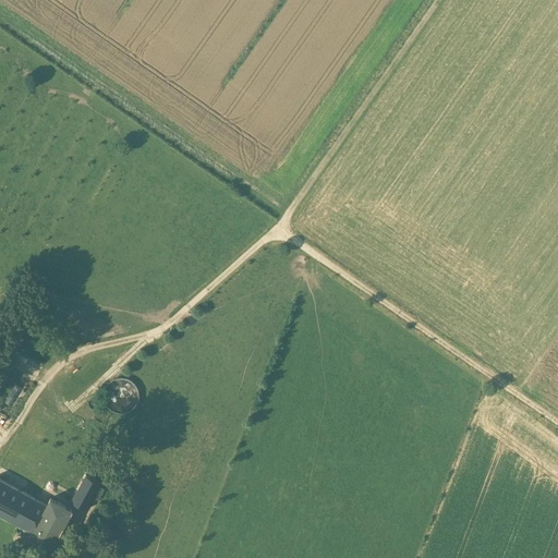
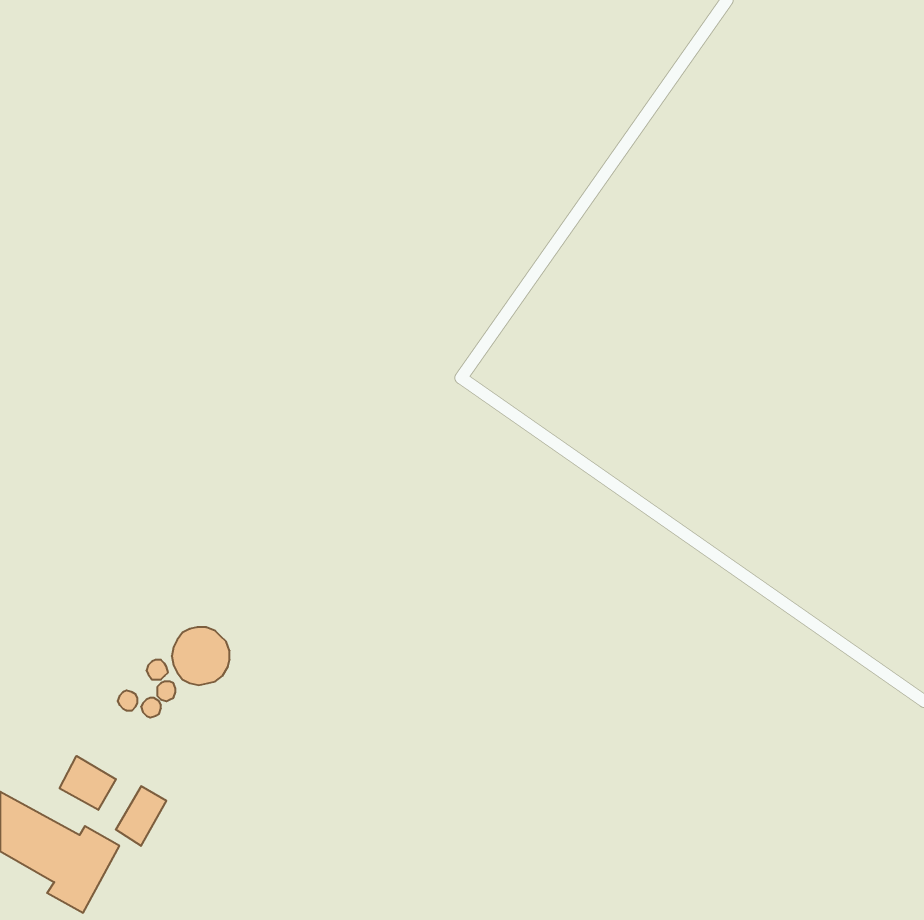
building: none -> [60,756,116,810]

